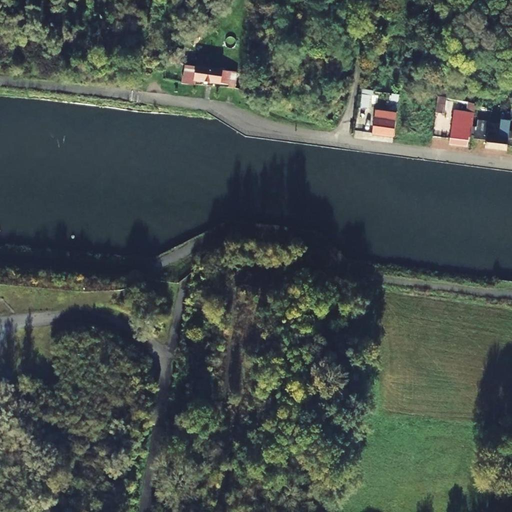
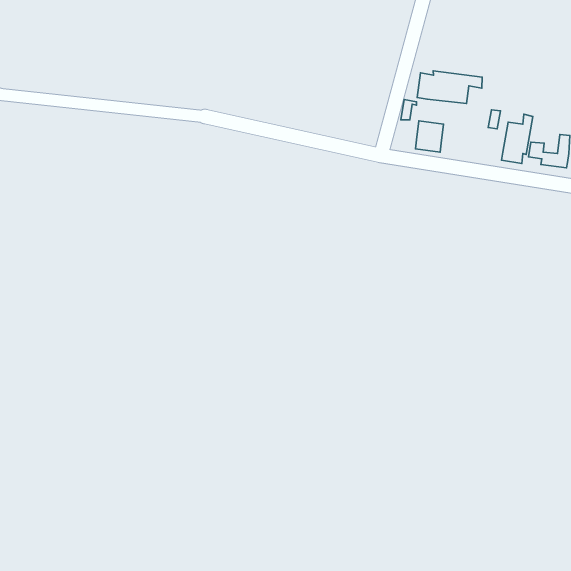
building: none -> [417,71,482,104]
building: [184,65,237,87] -> none

